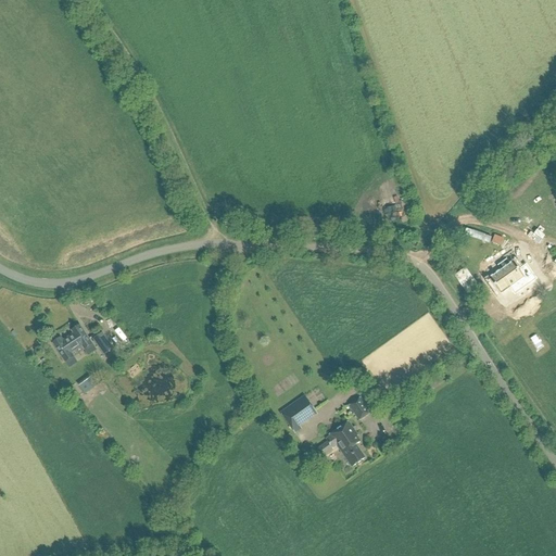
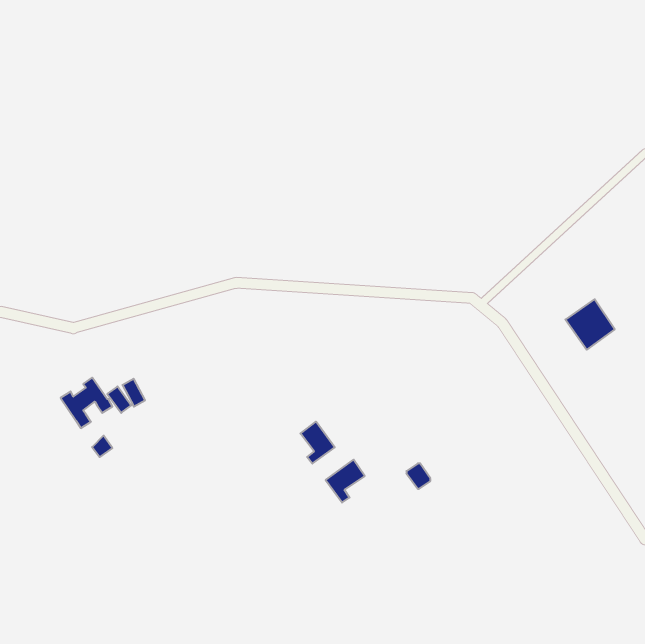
building: none -> [300,422,335,464]
building: [316,421,366,467] -> none

